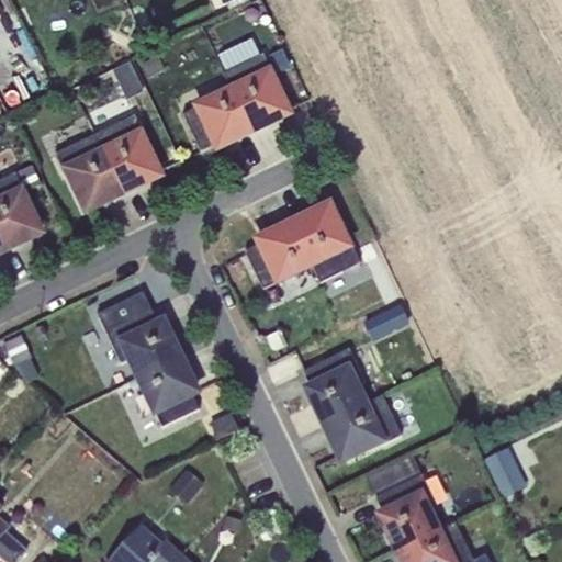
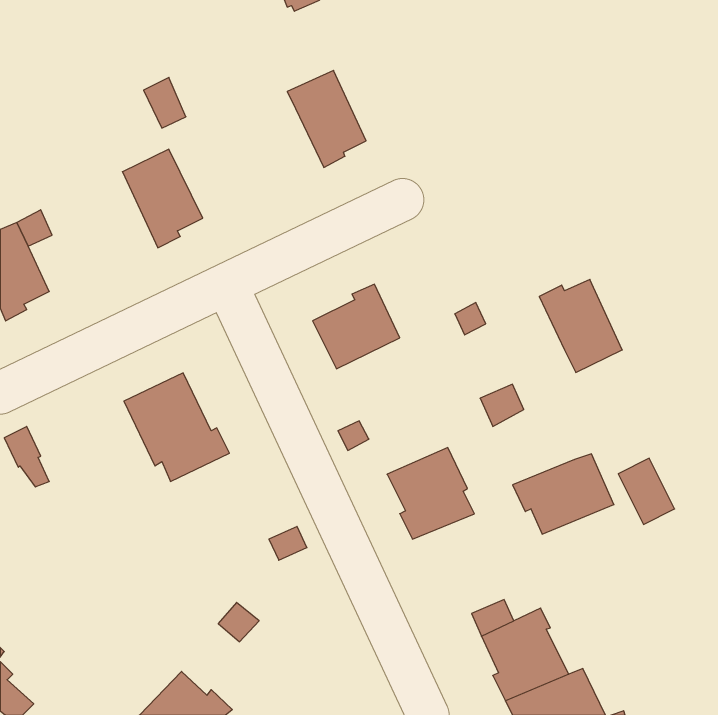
building: [183,85,254,150] -> none
building: [58,134,124,206] -> none
building: [293,209,358,281] -> [539,279,622,372]
building: [134,353,201,426] -> none
building: [323,396,402,459] -> [513,454,614,534]
building: [484,446,528,497] -> [618,458,675,524]

